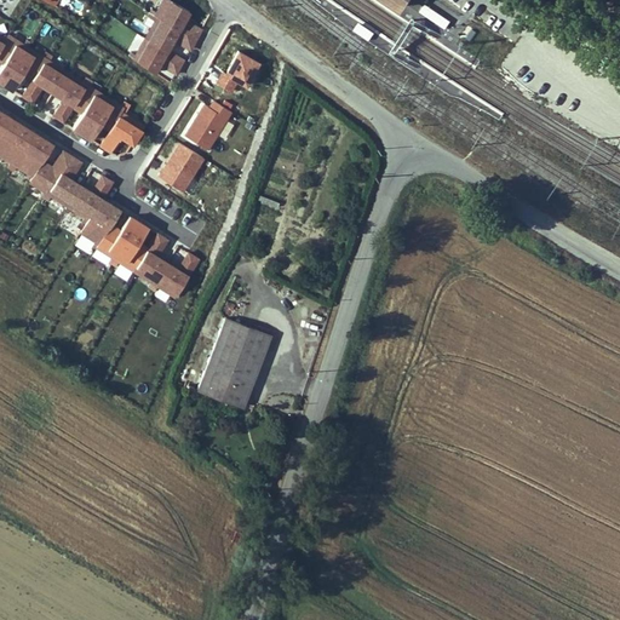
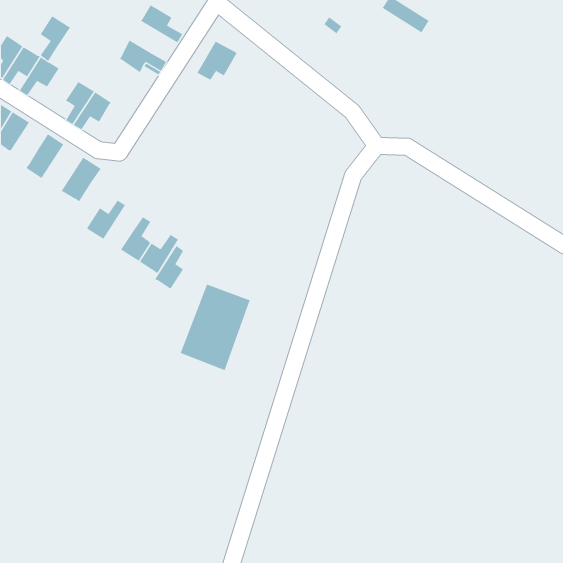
building: [143,23,196,58] -> none
building: [53,75,87,126] -> [40,16,71,62]
building: [184,93,234,148] -> none
building: [99,116,143,156] -> none
building: [13,134,53,179] -> none
building: [157,139,205,189] -> none
building: [47,159,92,209] -> none
building: [80,201,120,247] -> none
building: [115,225,148,274] -> [154,245,184,289]

